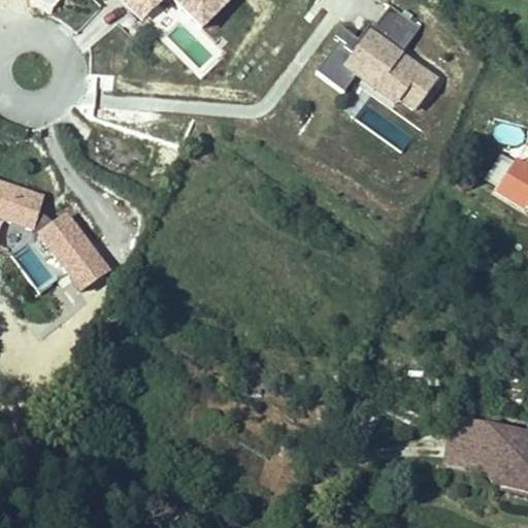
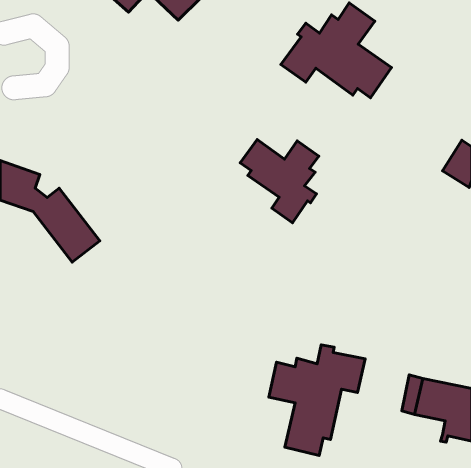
building: none -> [240,139,319,223]
building: none -> [269,345,365,455]

